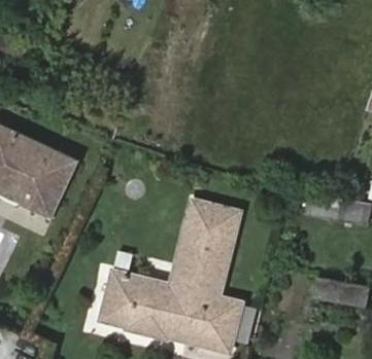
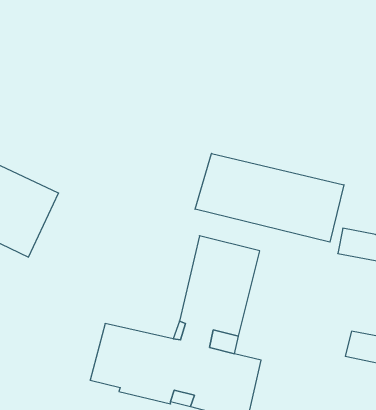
building: none -> [195,153,344,242]

